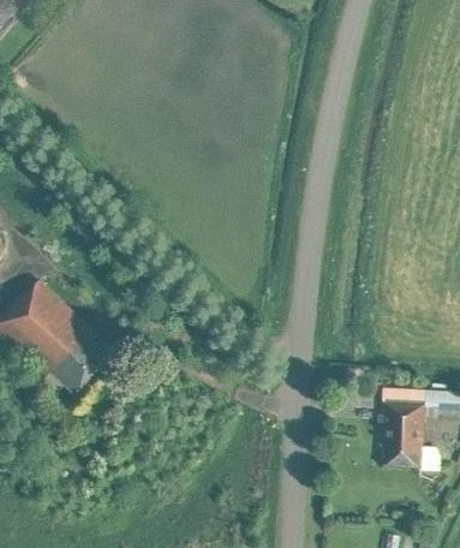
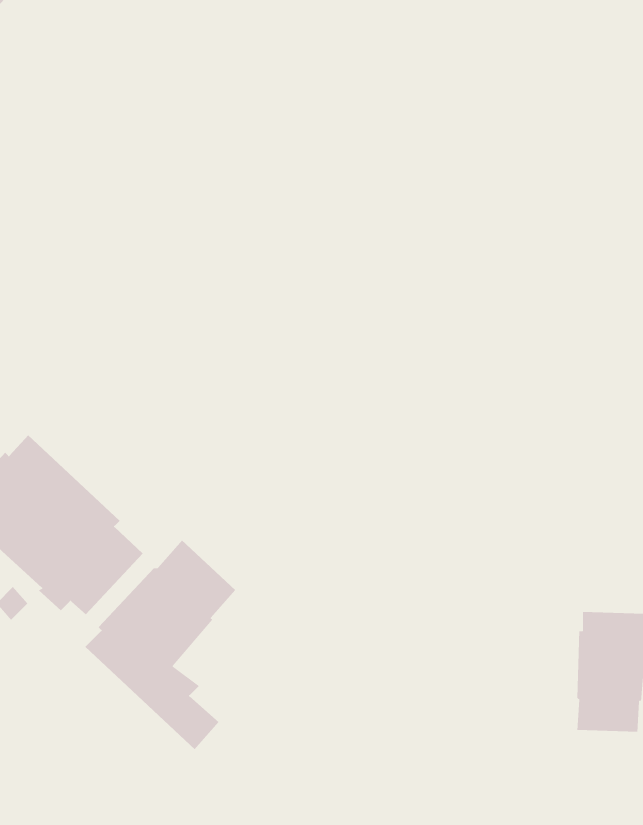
building: none -> [84,539,236,750]

